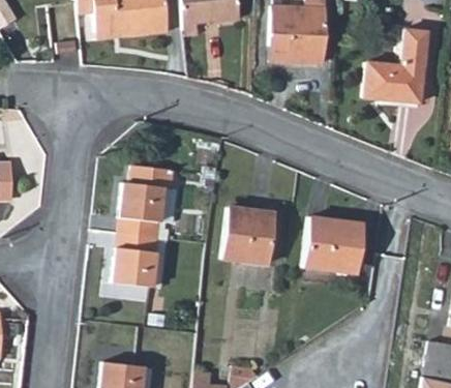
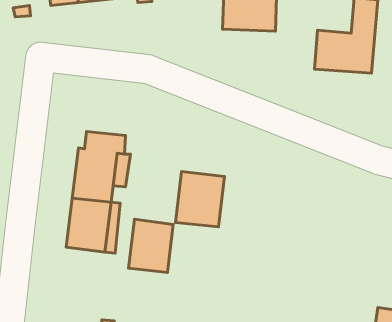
building: [305,216,360,271] -> none
building: none -> [129,219,173,273]

